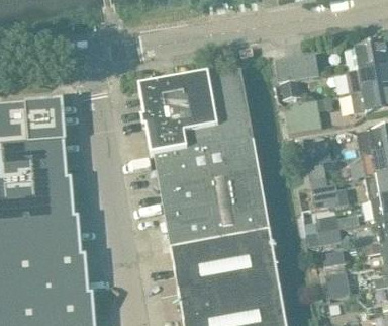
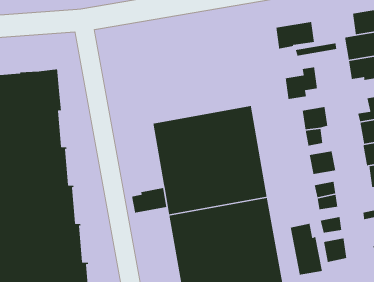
building: [142,70,254,156] -> none
building: none -> [131,187,167,214]
building: none -> [290,223,323,276]

